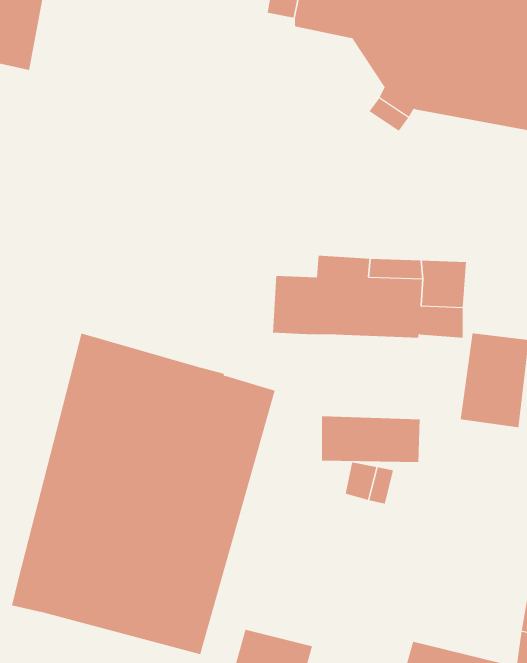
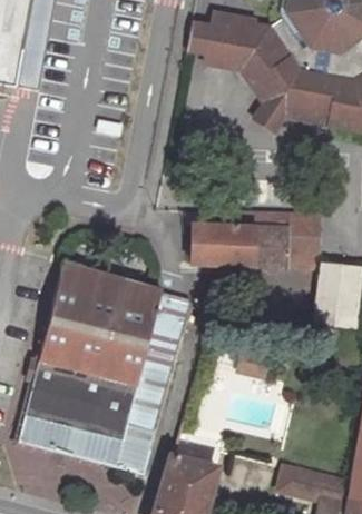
building: [321,416,420,463] -> none

